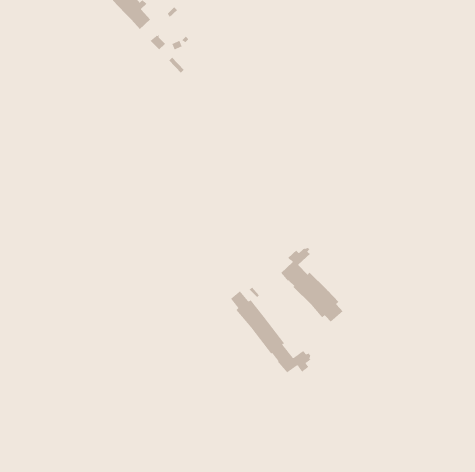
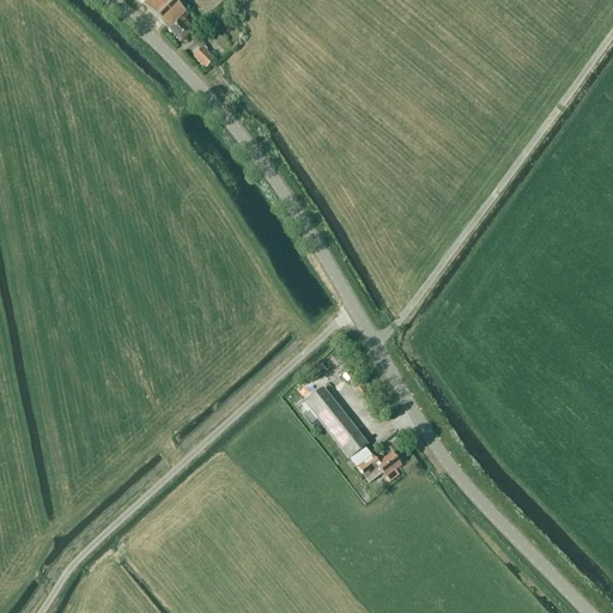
building: [280,247,344,323] -> none

